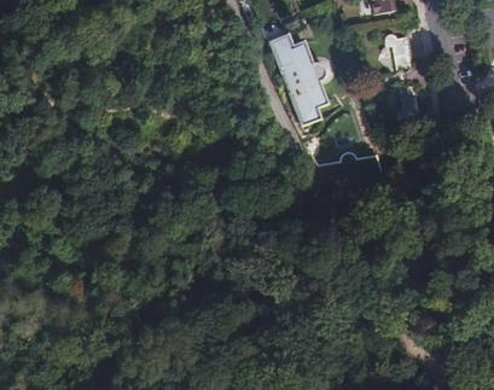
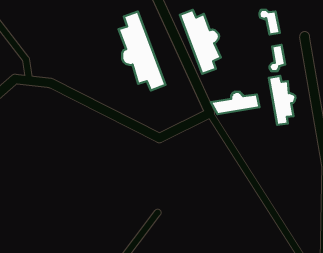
building: none -> [118,12,165,90]
building: none -> [269,76,295,125]

